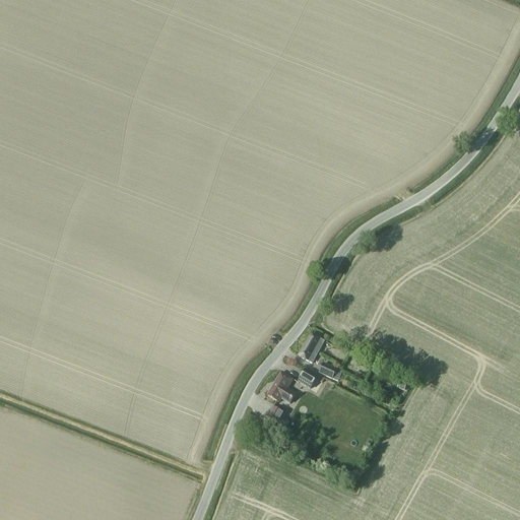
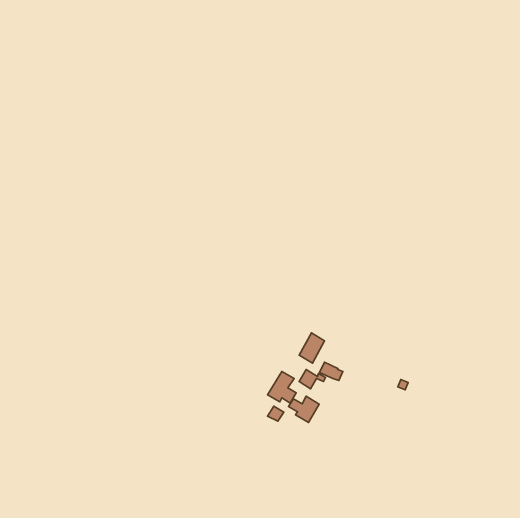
building: none -> [289,396,319,423]

